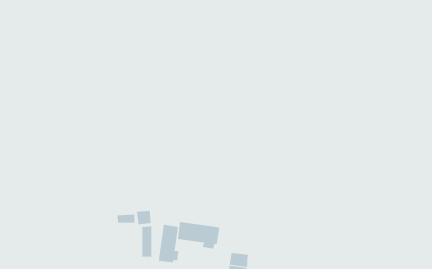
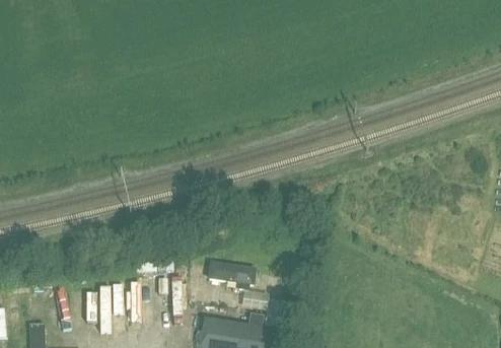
building: [159,224,179,263] -> none

